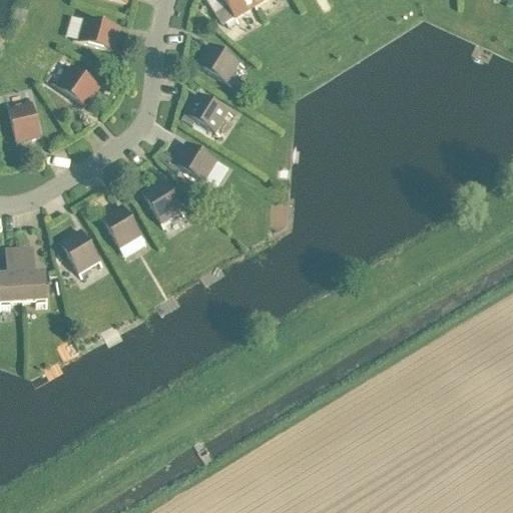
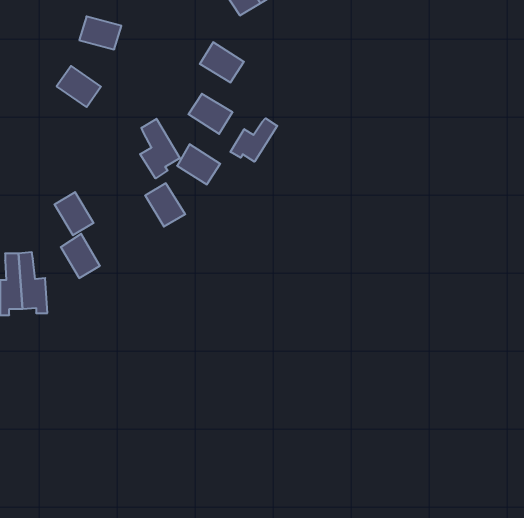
building: [9,100,40,140] -> none
building: none -> [230,118,277,162]
building: none -> [140,119,180,178]
building: [102,203,140,245] -> [54,192,94,235]

